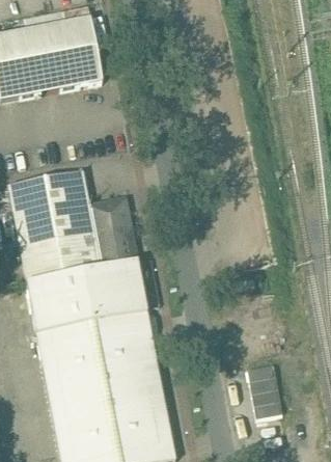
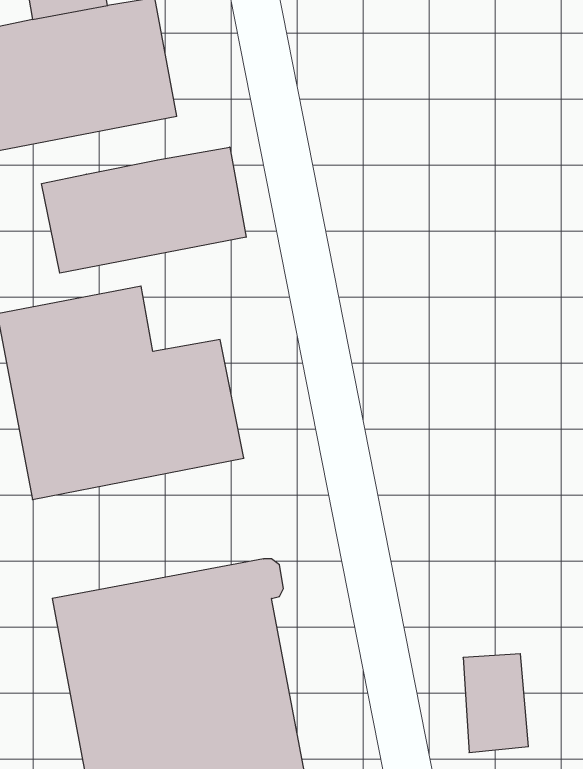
building: none -> [42,147,246,273]
building: [26,261,147,334] -> none

